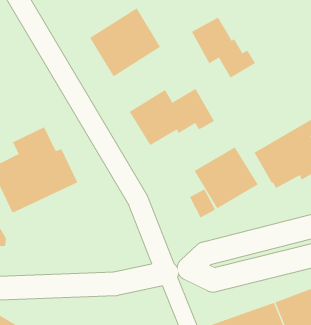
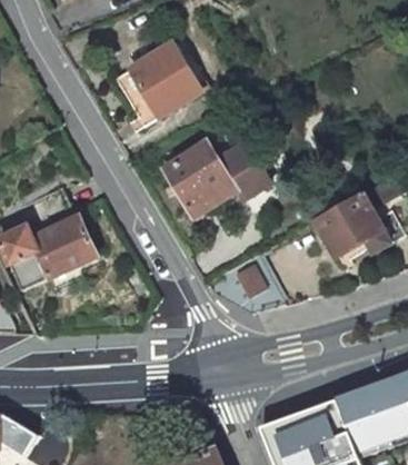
building: [191,17,256,78] -> none
building: [194,146,259,209] -> none

